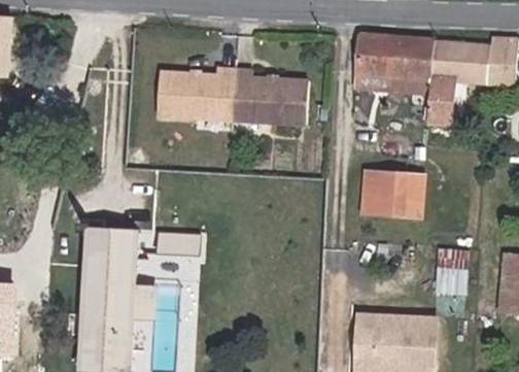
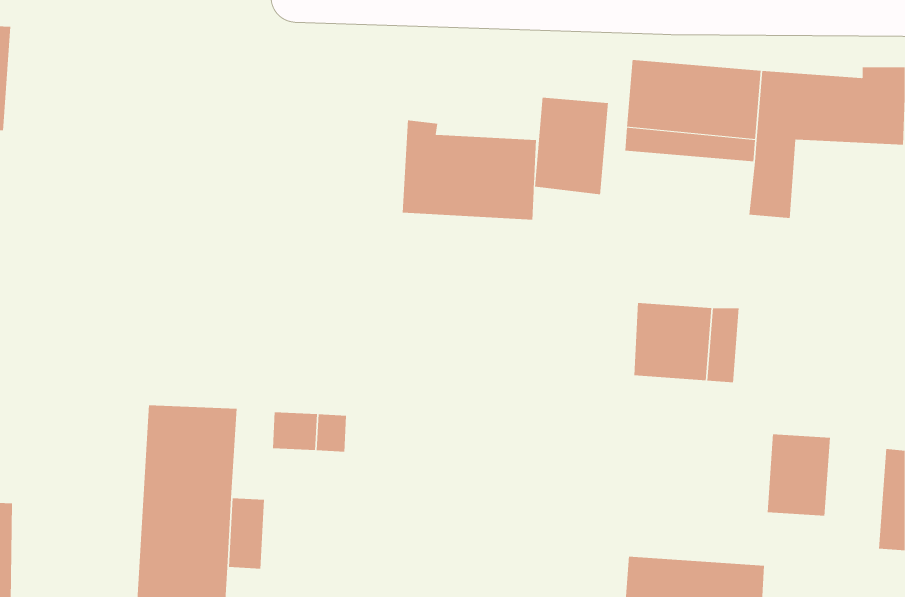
building: none -> [535,97,608,195]
building: [157,68,234,122] -> none

